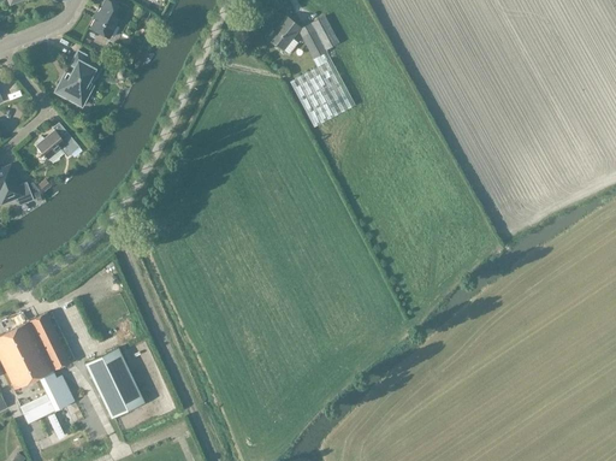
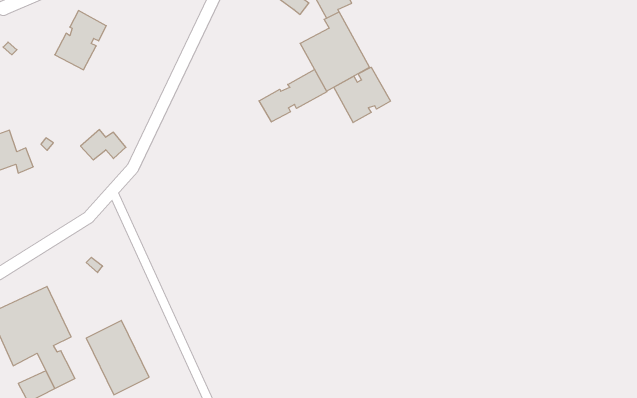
building: none -> [334,67,390,123]
building: none -> [259,70,327,122]
building: [36,129,79,158] -> [81,130,126,160]

